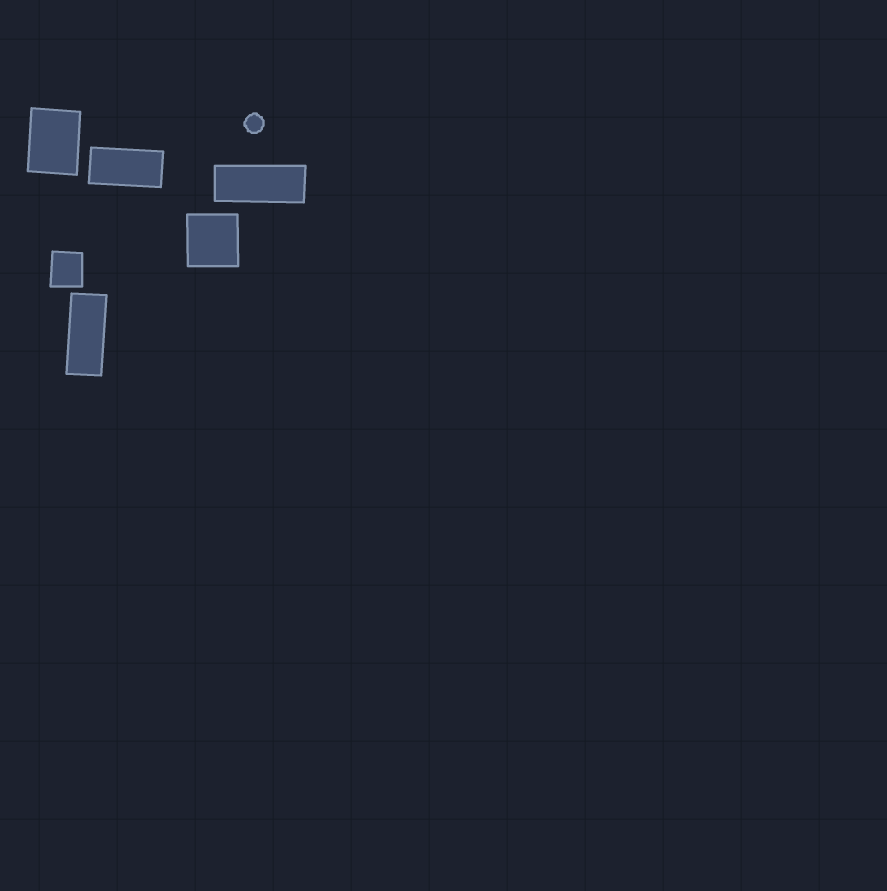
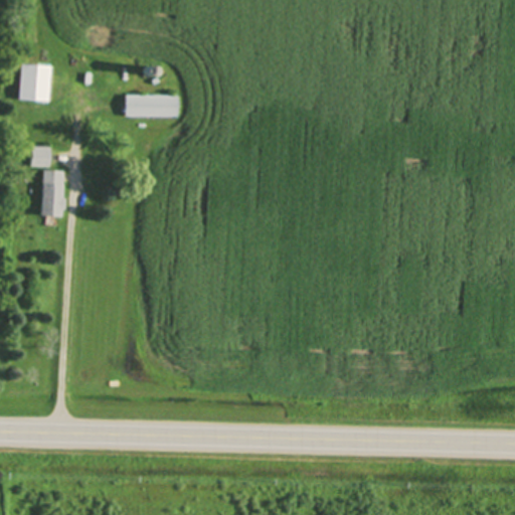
building: [89,148,163,187] -> none
building: [187,214,238,266] -> none

